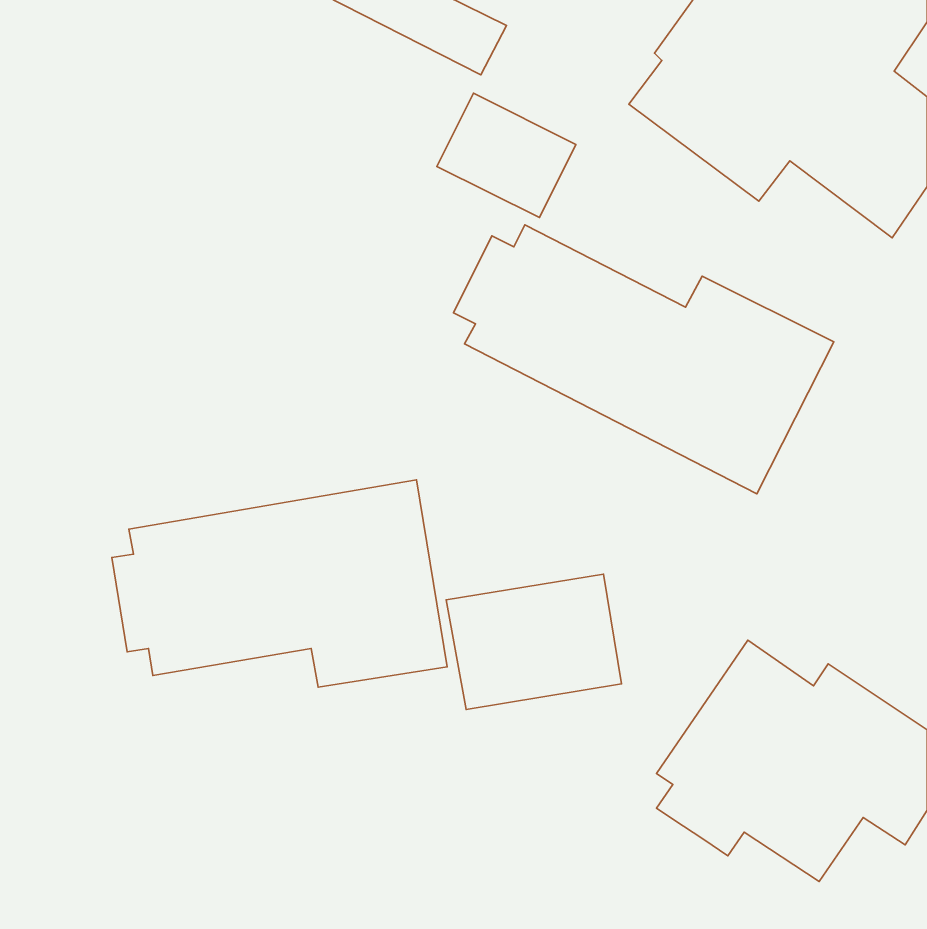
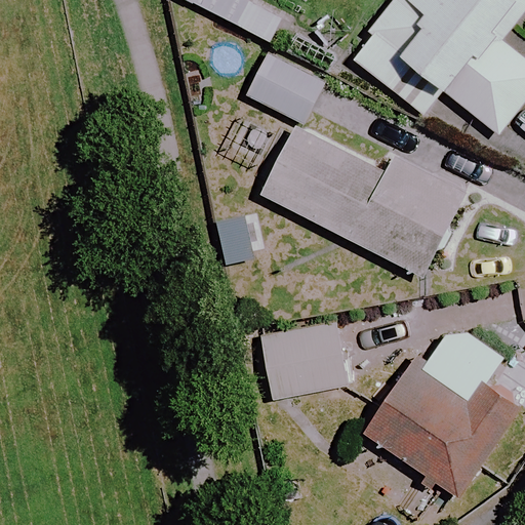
building: [112,480,447,687] -> none

